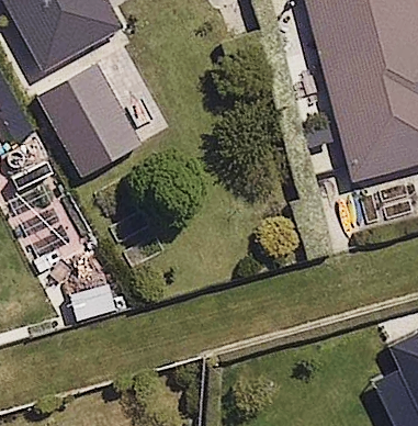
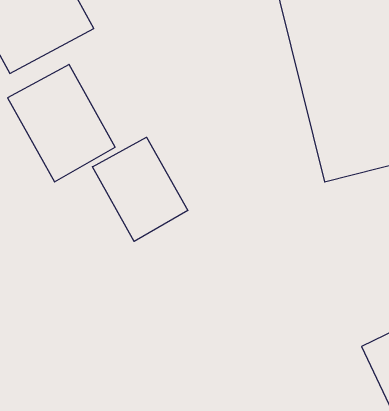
building: none -> [92,137,188,241]

